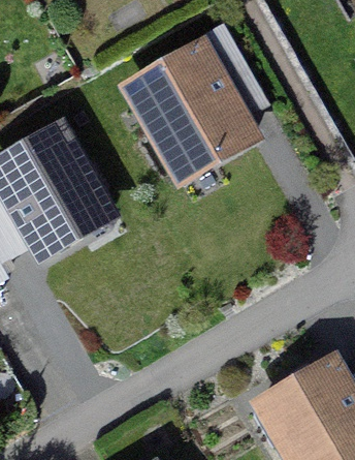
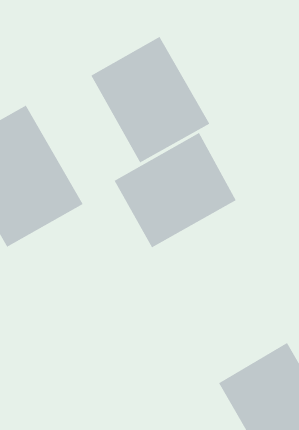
building: none -> [114,132,237,248]

